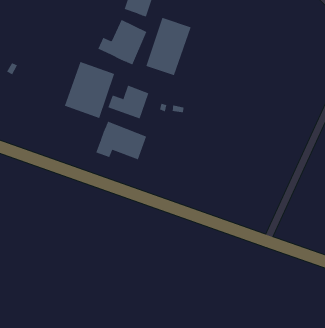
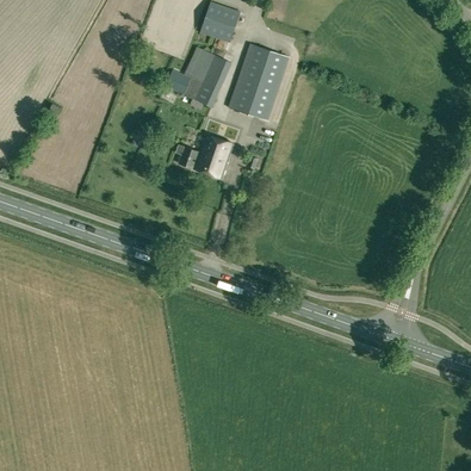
building: [64,61,115,119] -> none
building: [96,121,147,160] -> none

